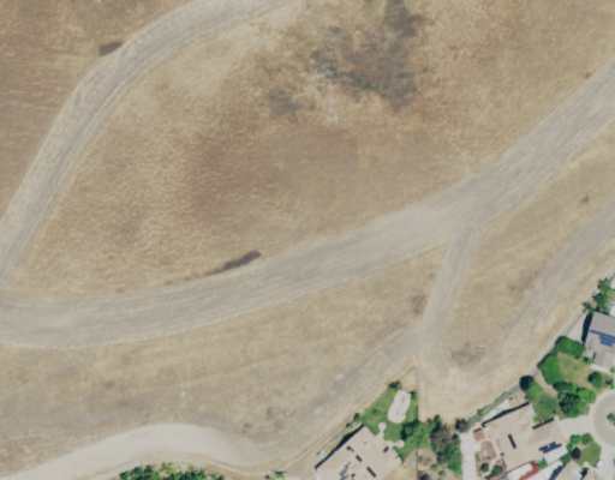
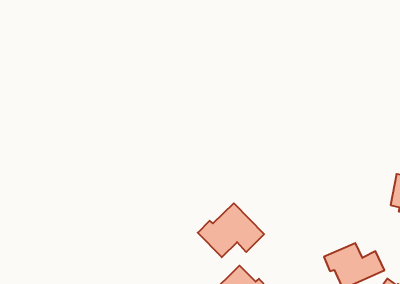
building: none -> [198,203,264,257]

